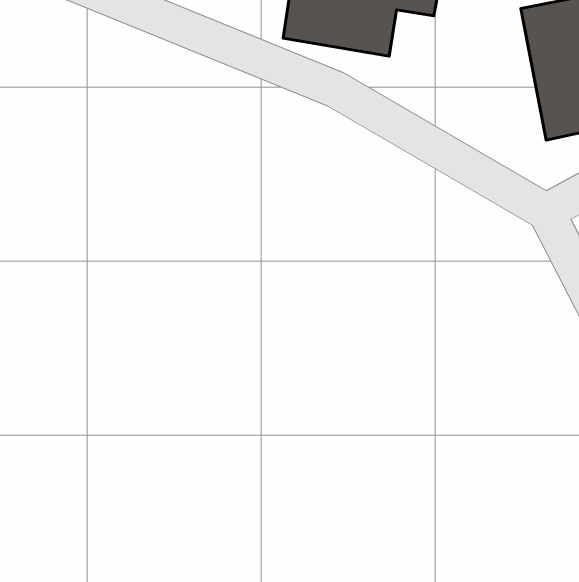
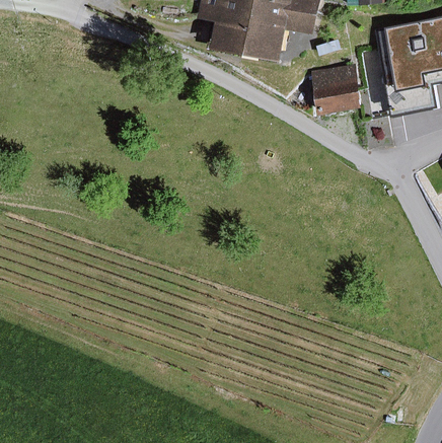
building: none -> [309,63,361,116]

